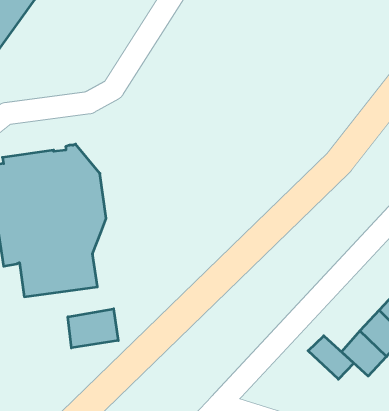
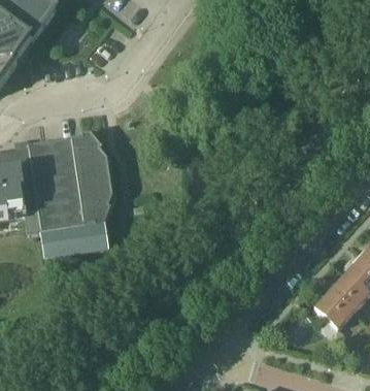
building: [68,309,118,348] -> none
building: [308,336,354,379] -> none

